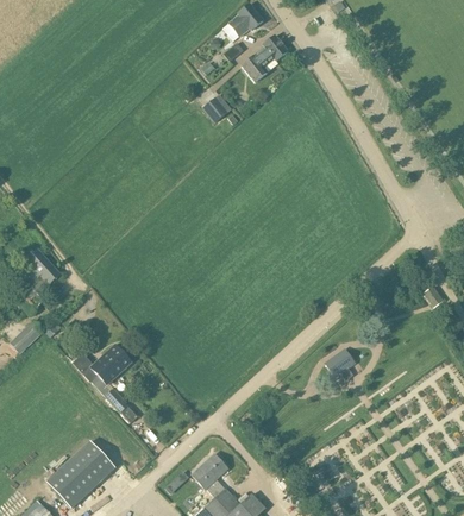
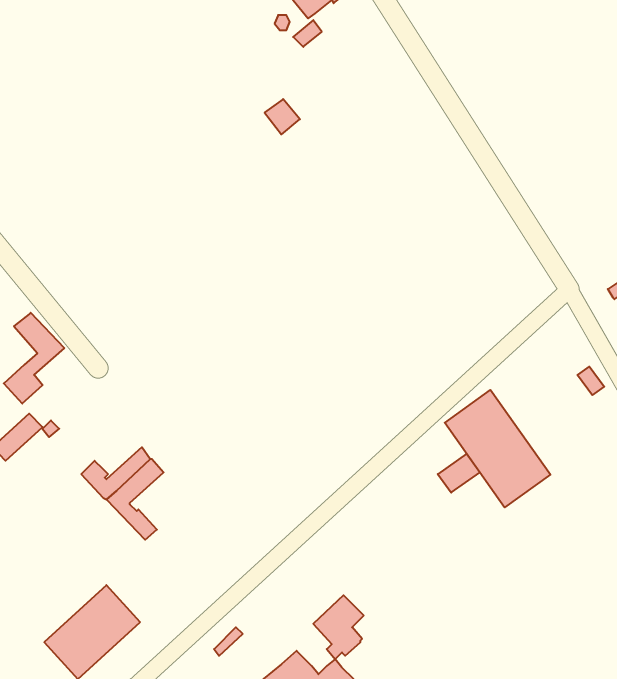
building: [240,34,287,82] -> none
building: none -> [445,390,550,507]
building: [192,454,227,499] -> [313,595,364,659]

